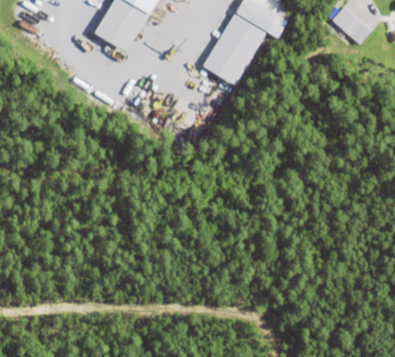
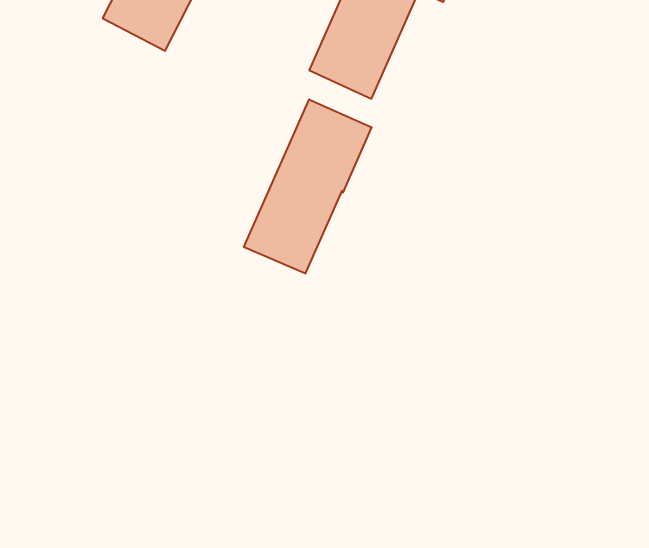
building: none -> [244,99,372,274]

